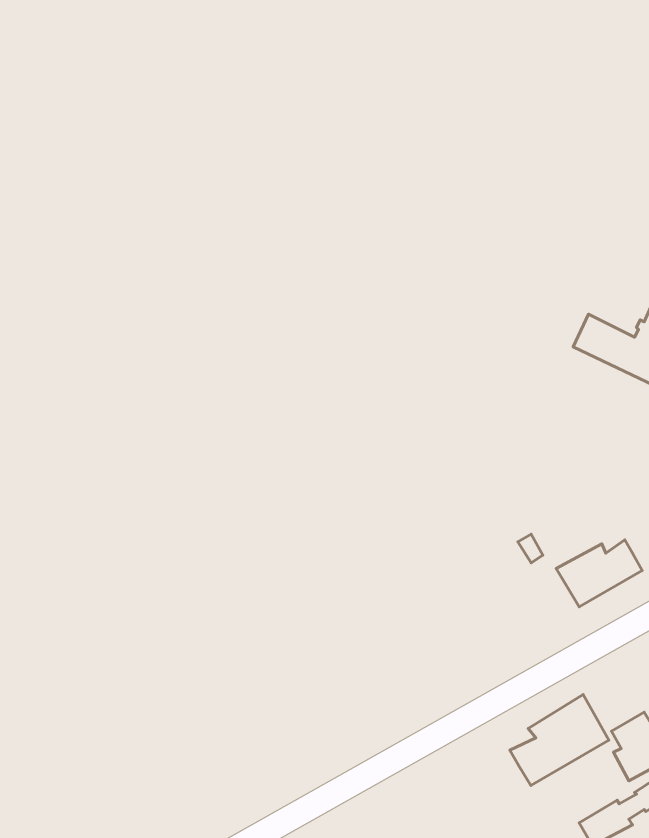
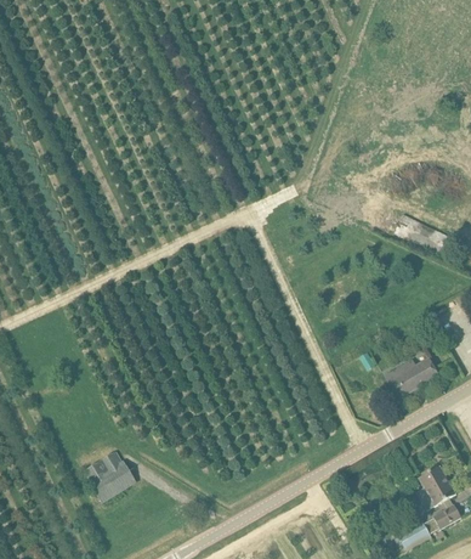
building: none -> [84,450,136,501]
building: [510,694,609,786] -> none

